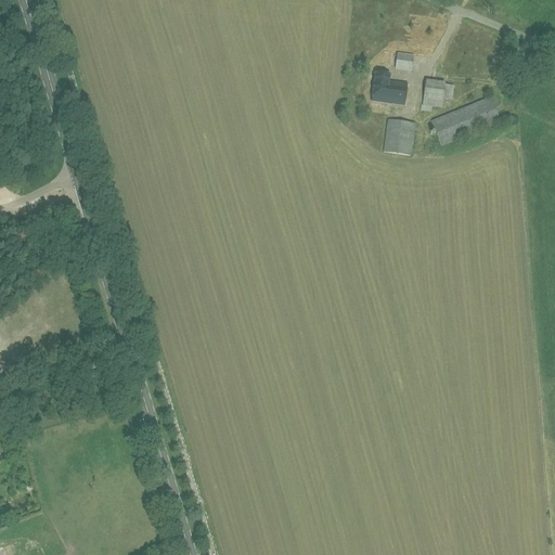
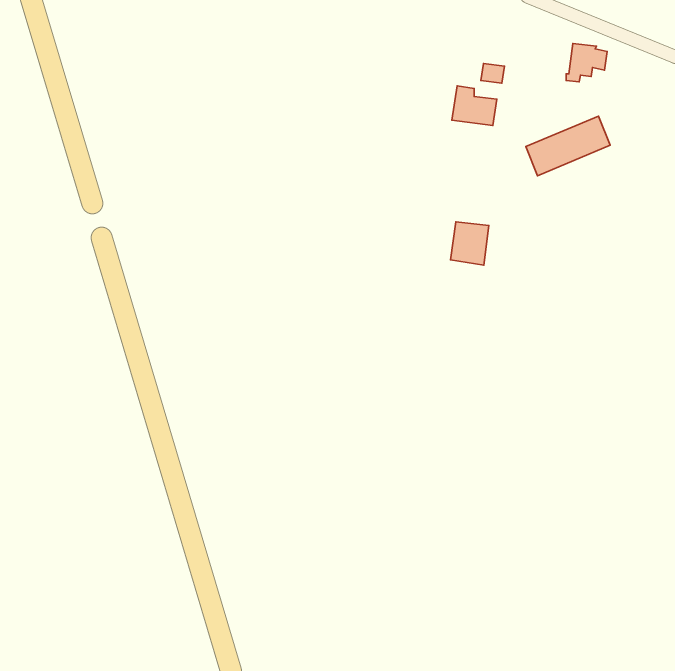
building: [421,78,454,109] -> [566,44,607,82]
building: [384,118,415,154] -> [451,222,489,265]

